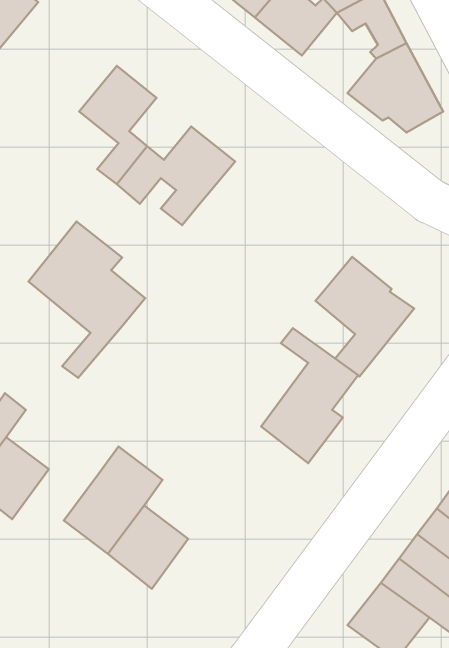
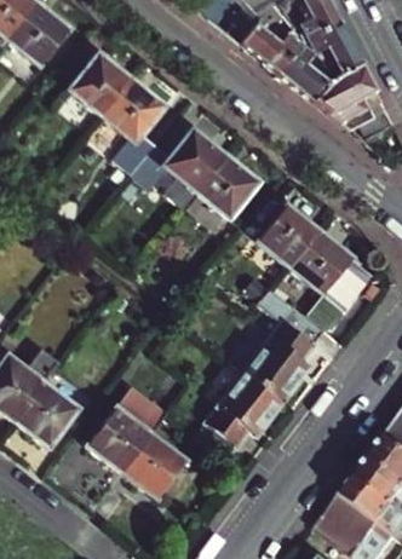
building: none -> [280,38,339,102]
building: none -> [69,53,132,116]
building: none -> [194,156,258,227]
building: [28,221,145,378] -> none
building: none -> [257,204,320,267]
building: none -> [196,368,285,457]

